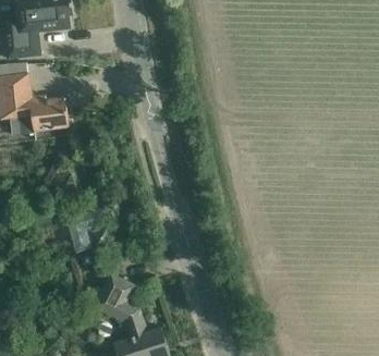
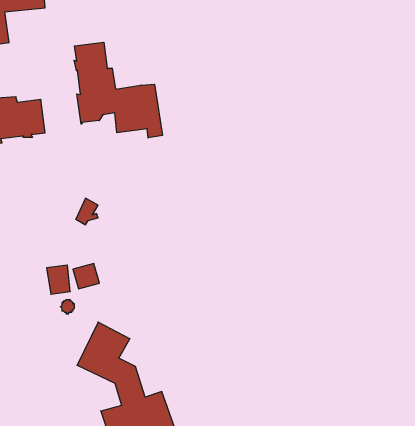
building: none -> [74,42,162,138]

